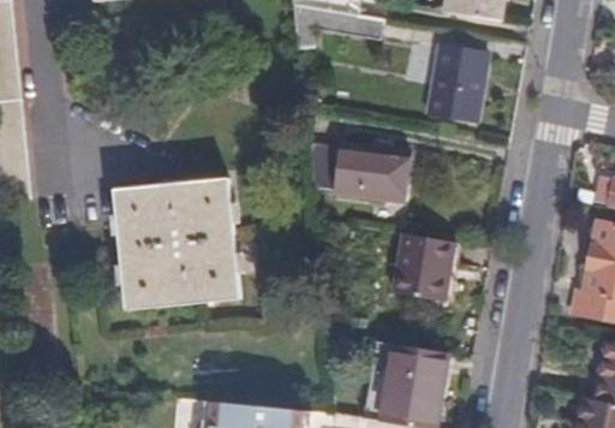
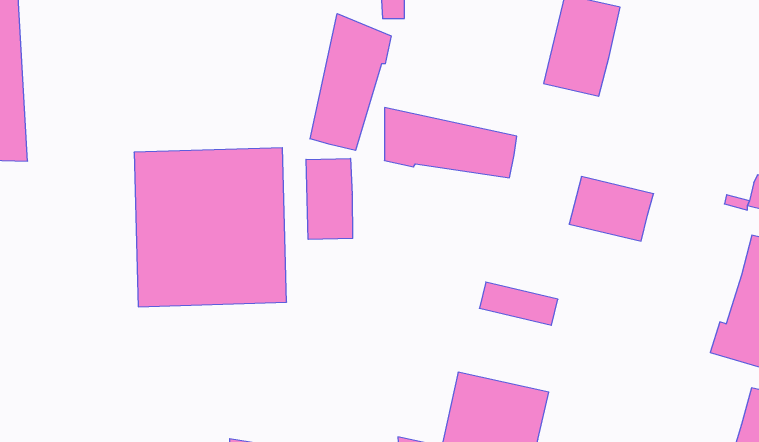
building: none -> [310,14,391,150]
building: none -> [306,158,353,239]
building: [393,233,456,280] -> [569,177,654,241]

